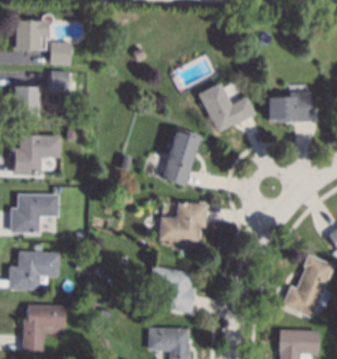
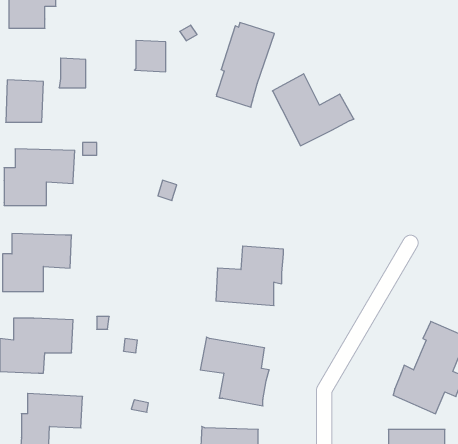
building: [49,43,71,64] -> [134,40,166,72]
building: [268,93,312,122] -> none
building: [161,128,202,187] -> [216,23,274,107]

